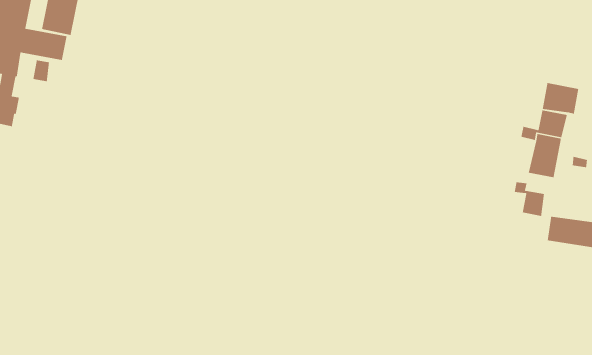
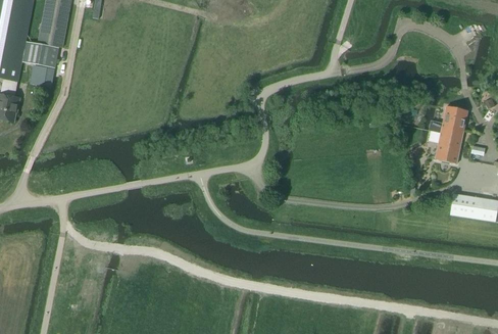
building: [542,82,579,115] -> none
building: [514,182,545,217] -> none

